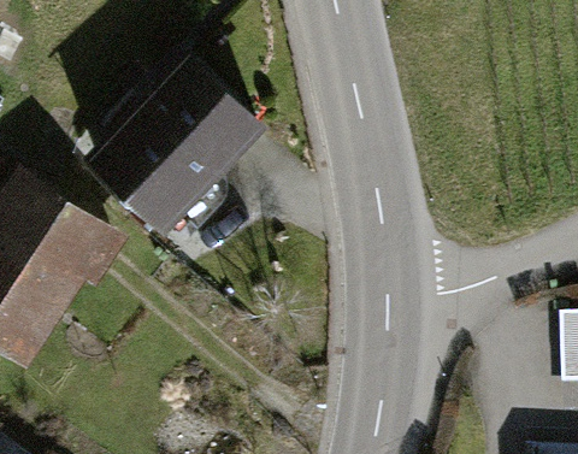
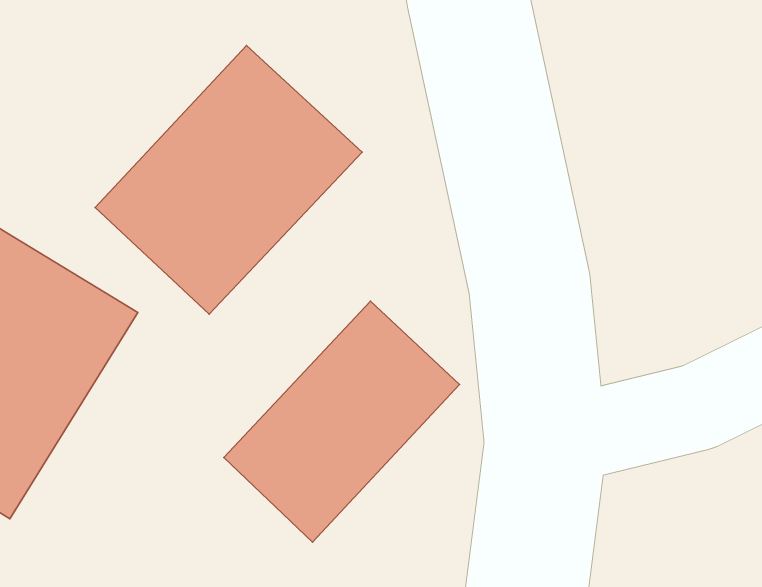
building: none -> [224,301,459,542]

